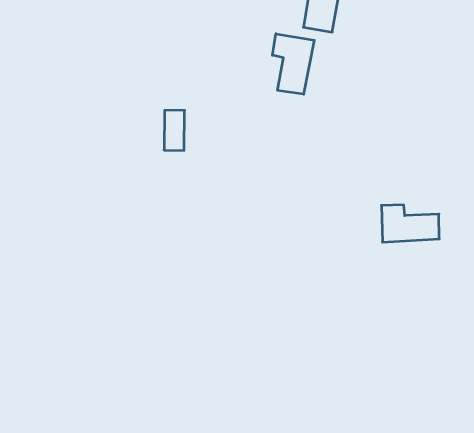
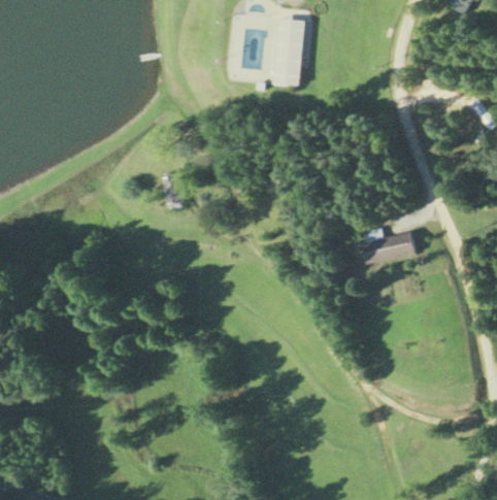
building: [272,34,314,94] -> none

